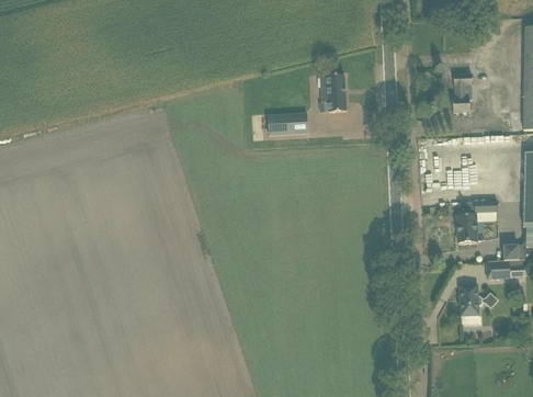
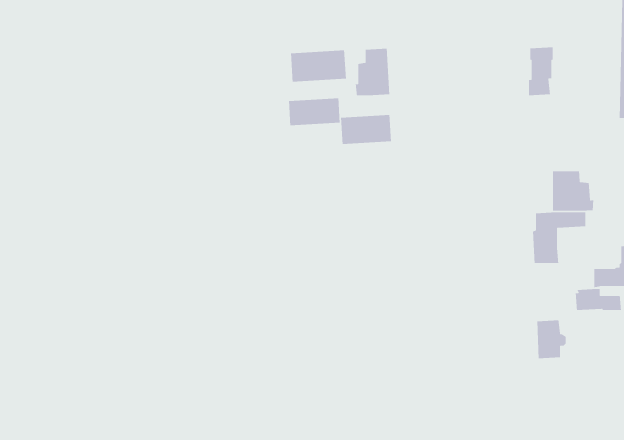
building: none -> [290,49,347,82]
building: none -> [340,114,392,145]
building: none -> [552,170,594,211]

